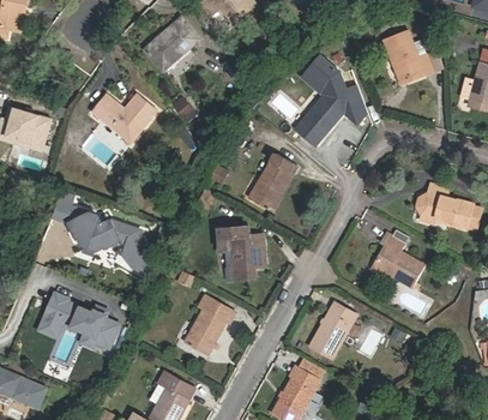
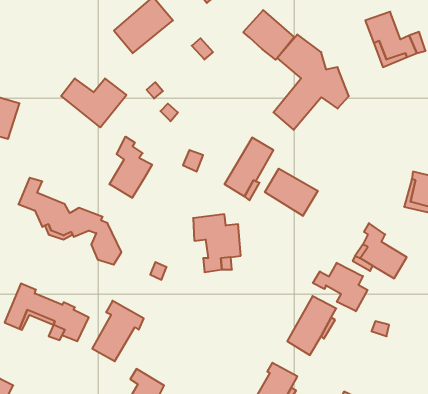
building: none -> [243,10,294,60]
building: none -> [109,137,152,198]
building: none -> [265,169,318,216]
building: none -> [313,263,368,311]
building: [185,295,234,353] -> [92,301,144,361]

